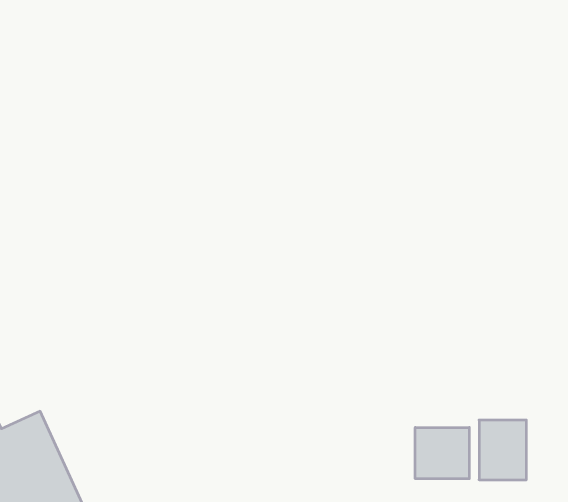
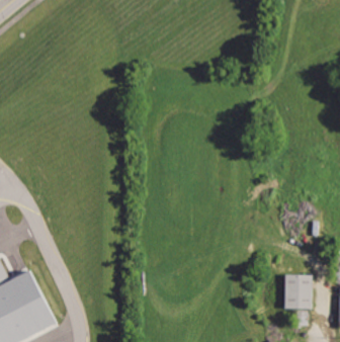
building: [415,427,469,479] -> none

